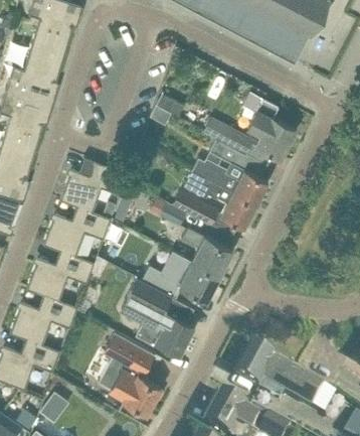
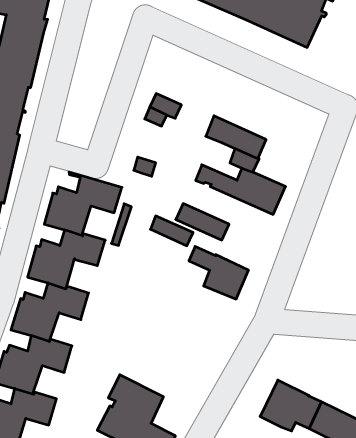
building: [246,98,295,157] -> none
building: [183,170,255,227] -> none
building: [162,261,219,299] -> none
building: [121,278,192,352] -> none

